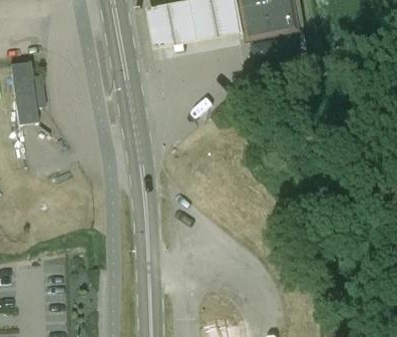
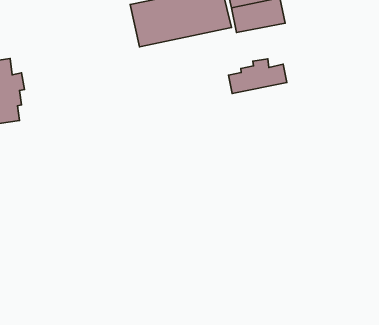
building: none -> [229,59,287,94]

